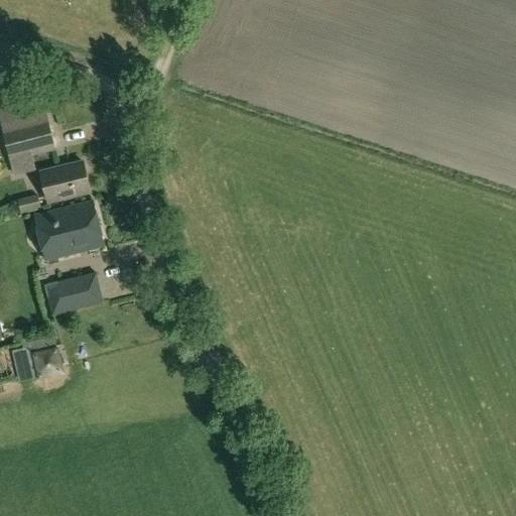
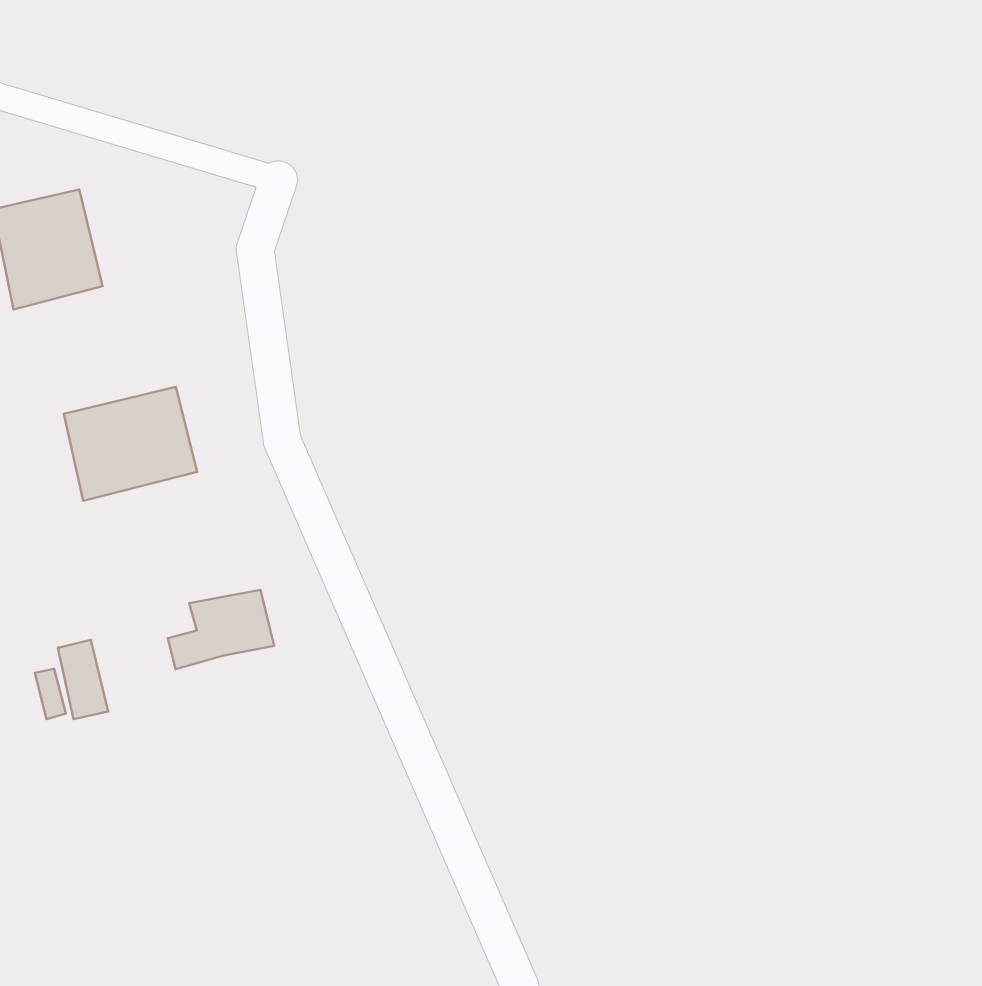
building: [39,161,89,201] -> none
building: [45,273,101,314] -> [168,590,274,669]

